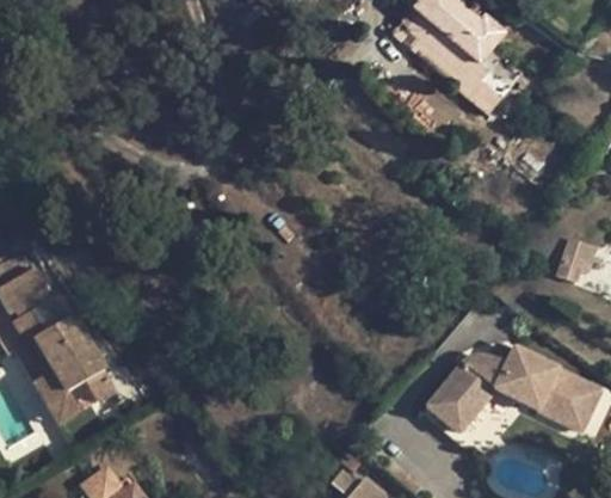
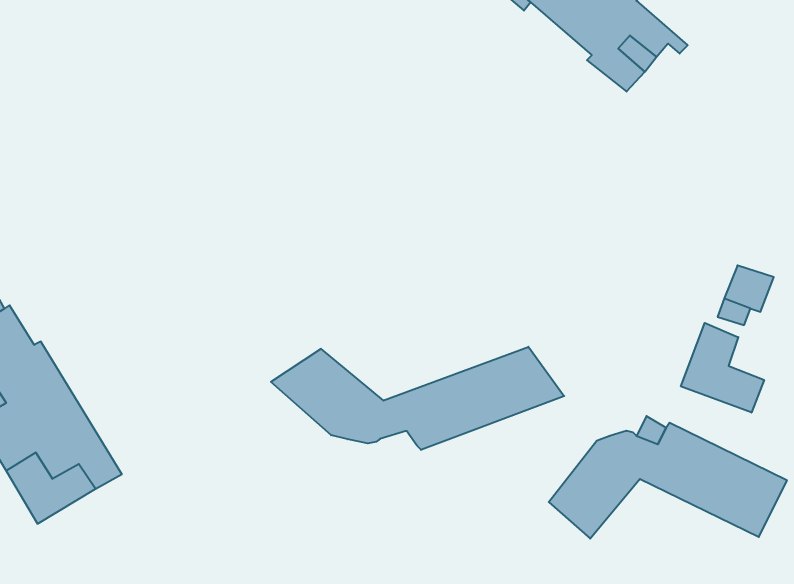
building: none -> [681,323,764,413]
building: none -> [271,347,564,450]

